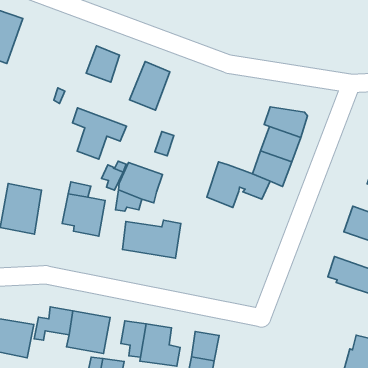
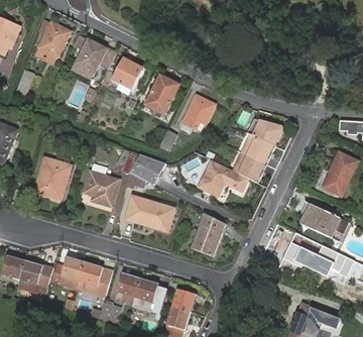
building: none -> [179,94,214,132]
building: [73,108,127,159] -> [74,35,115,77]
building: none -> [191,212,224,255]

